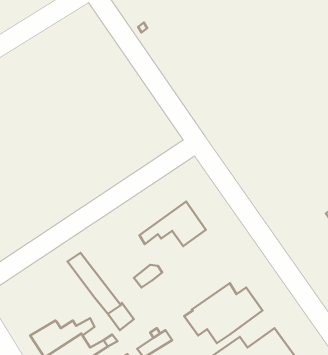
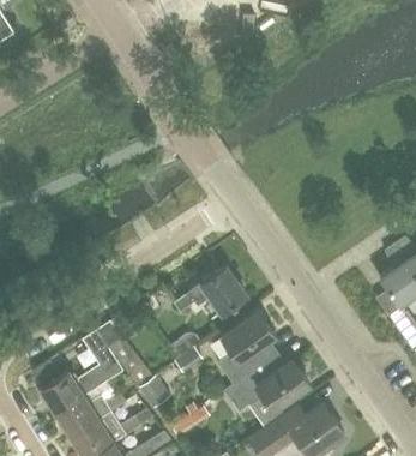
building: none -> [217,310,276,383]
building: none -> [40,330,125,412]

